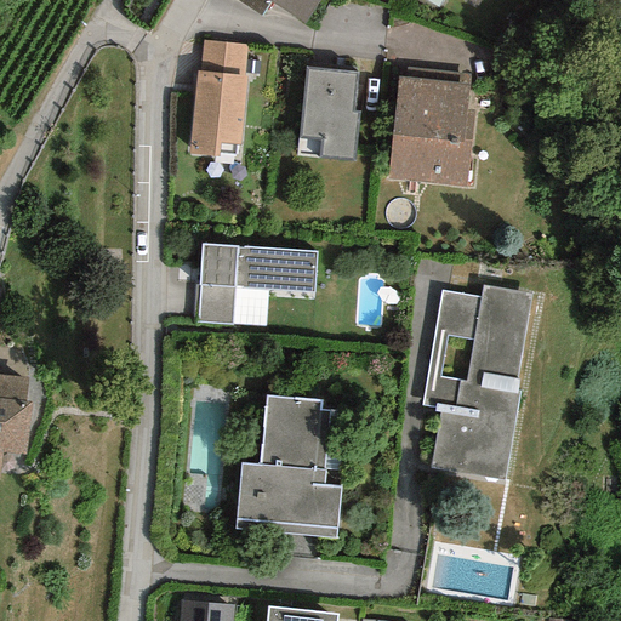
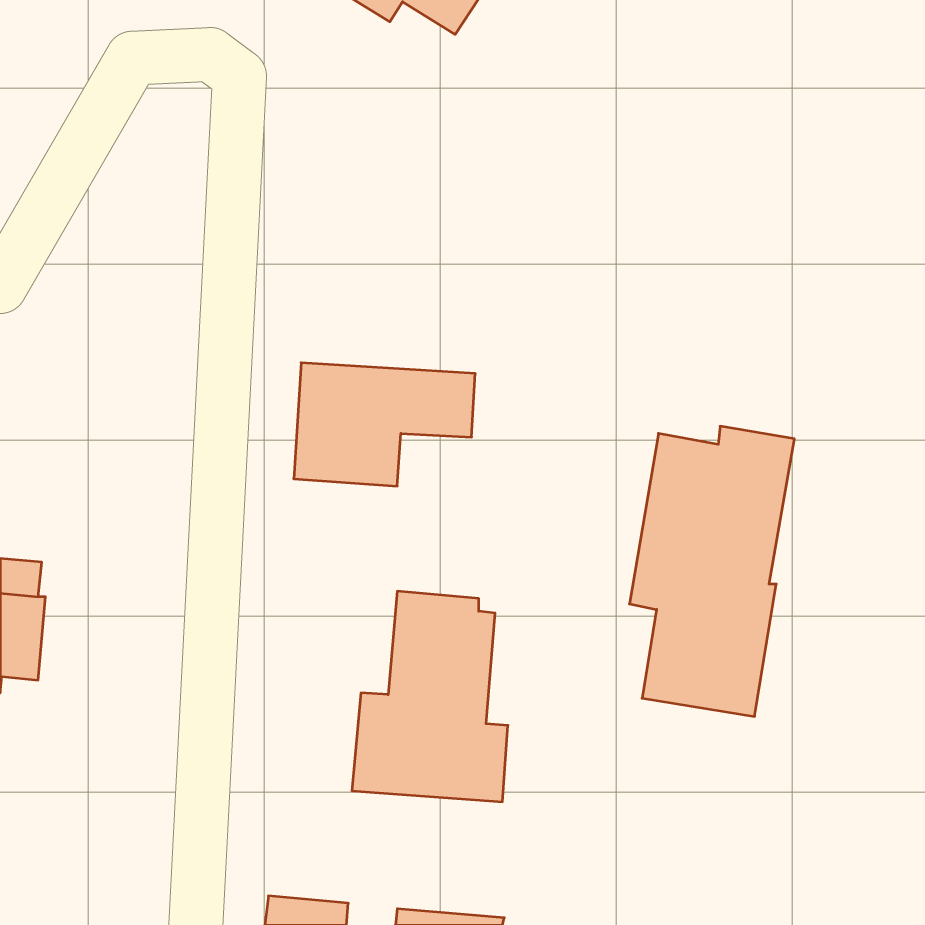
building: [190,40,247,155] -> none
building: [300,65,360,159] -> none
building: [388,78,473,186] -> none

